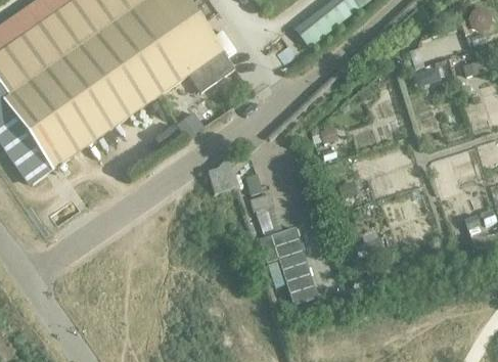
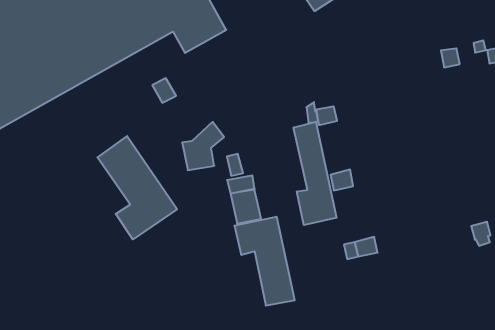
building: none -> [294,122,337,225]
building: none -> [97,136,177,239]

